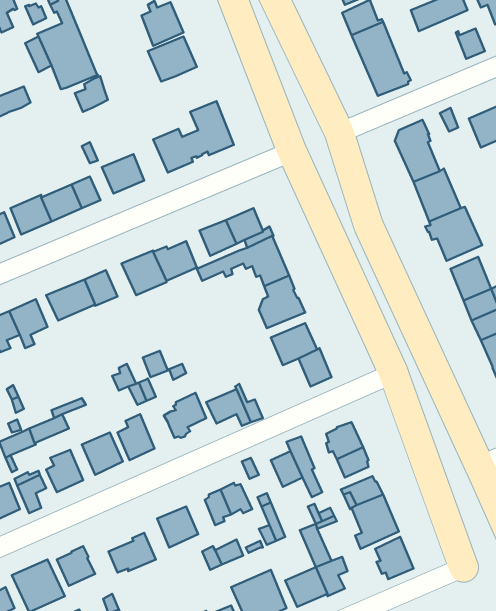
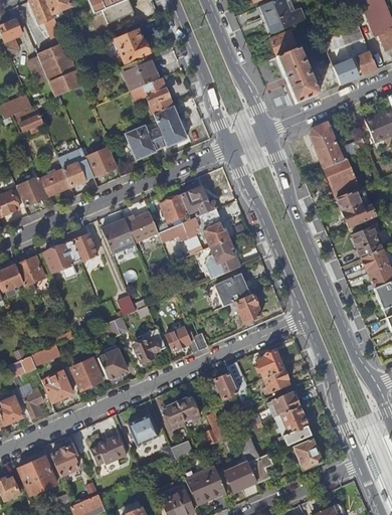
building: none -> [333,58,358,83]
building: none -> [142,77,173,114]
building: [75,76,108,112] -> [17,105,42,132]

